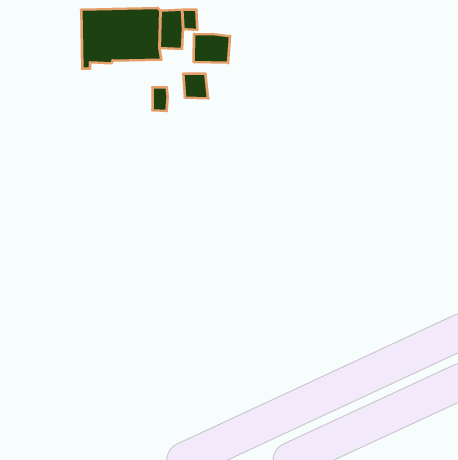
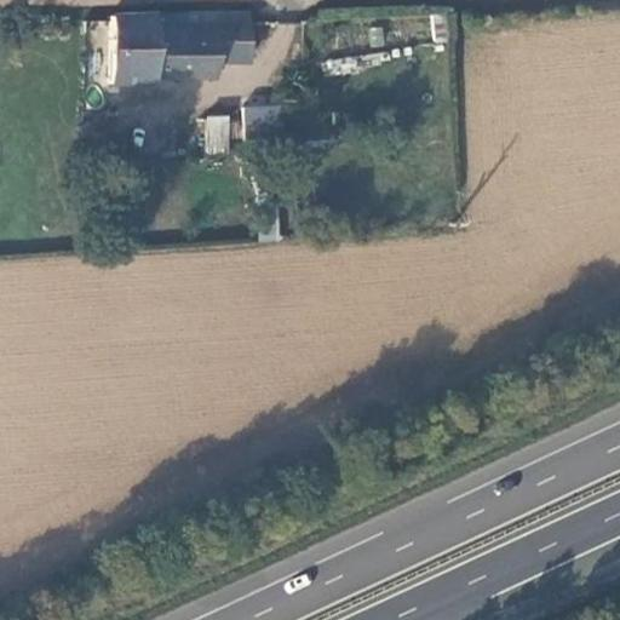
building: [194,34,230,63] -> none

